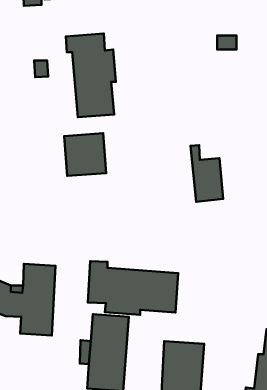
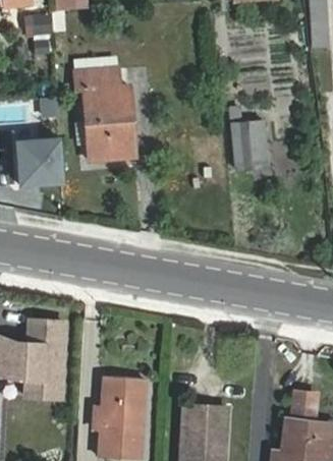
building: [64,133,106,176] -> [16,137,62,184]
building: [191,145,223,202] -> [231,107,267,169]
building: [88,261,178,315] -> none

